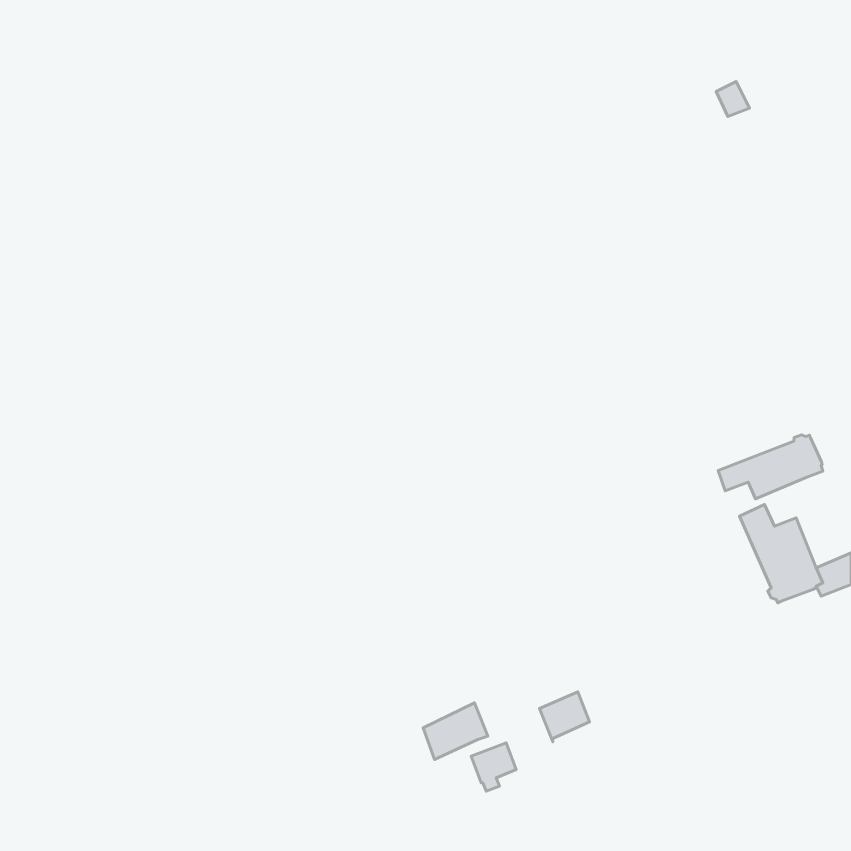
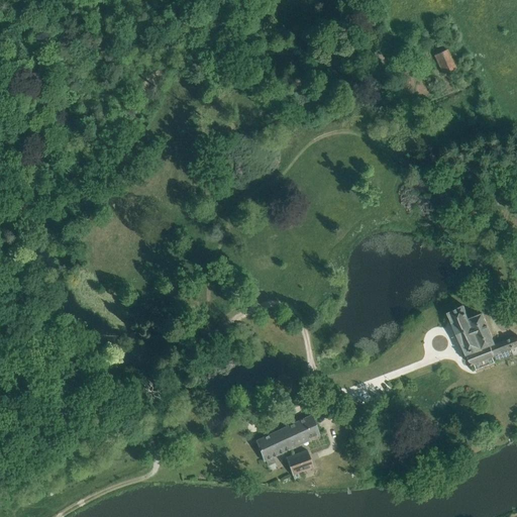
building: [718,435,823,499] -> none
building: [539,692,589,742] -> [288,416,318,446]

